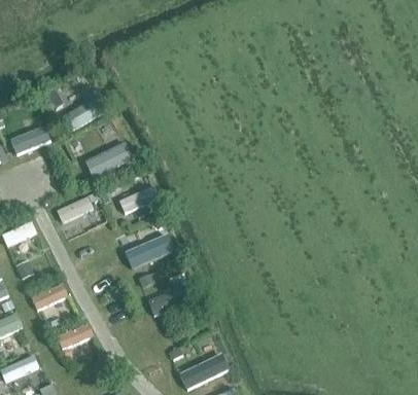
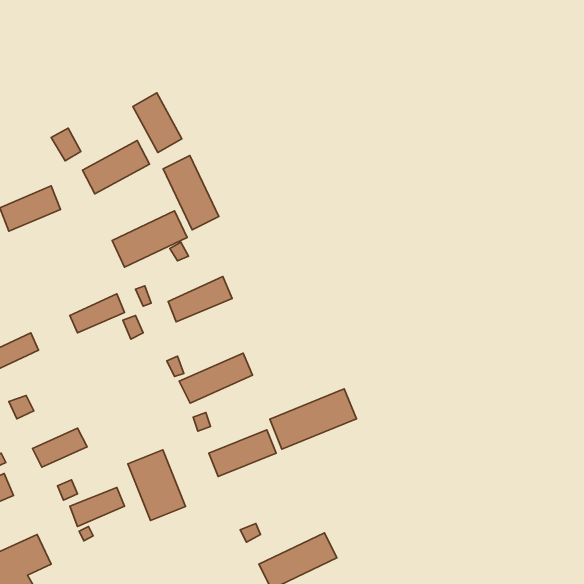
building: none -> [133,93,182,152]
building: none -> [163,156,219,230]
building: none -> [270,389,357,449]
building: none -> [128,450,186,521]

